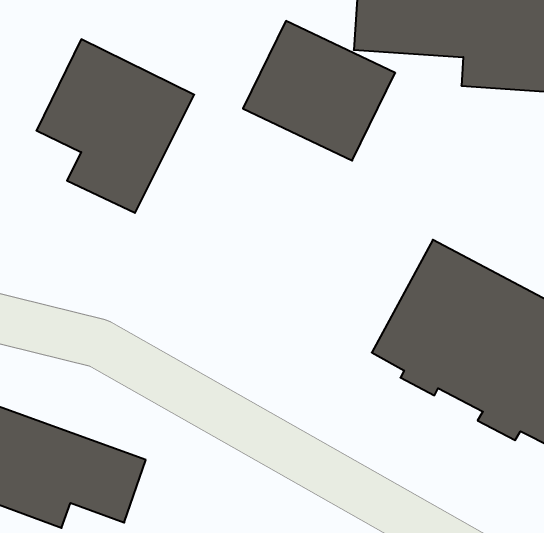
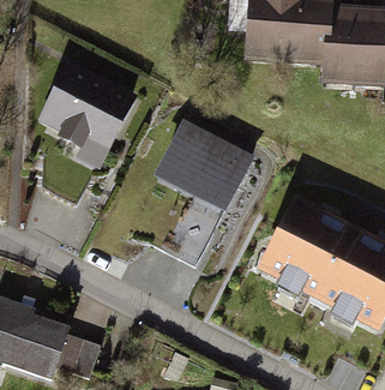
building: [243,21,395,161] -> [152,122,254,216]

